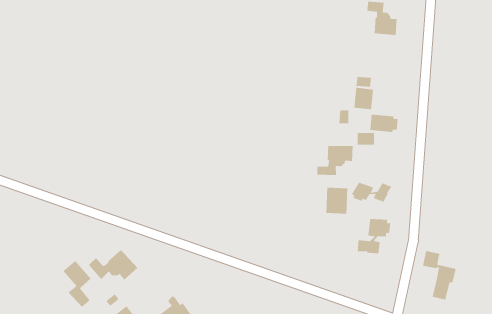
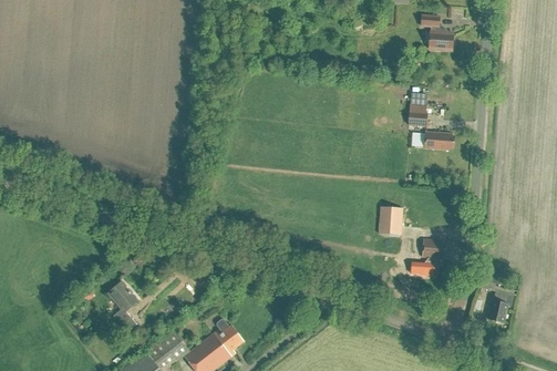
building: [317,145,353,176] -> none
building: [351,182,392,203] -> none
building: [88,249,138,280] -> none

